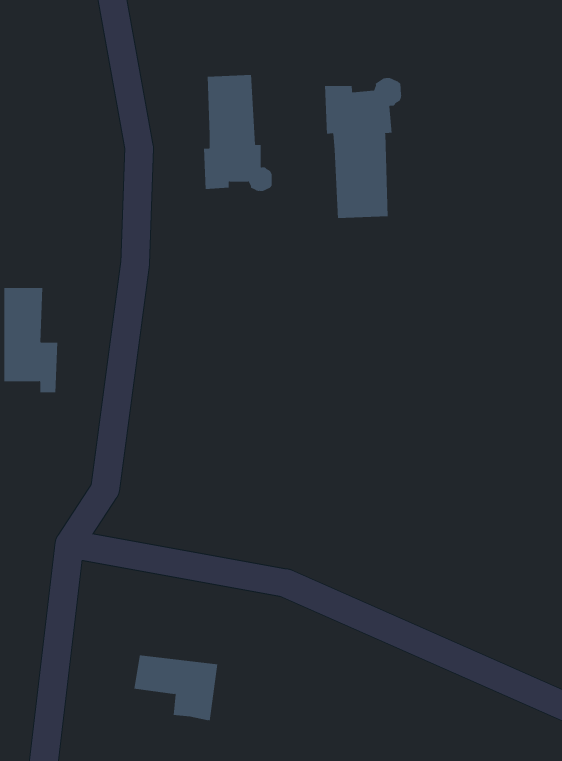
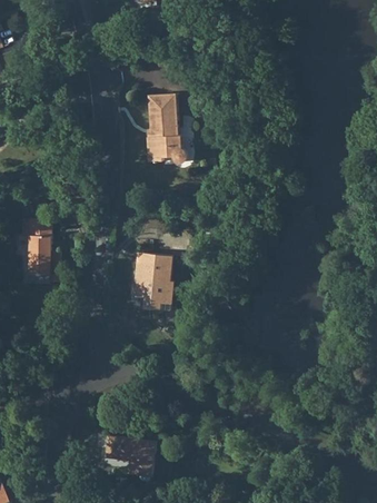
building: [325,77,402,219] -> none
building: none -> [131,251,172,308]

